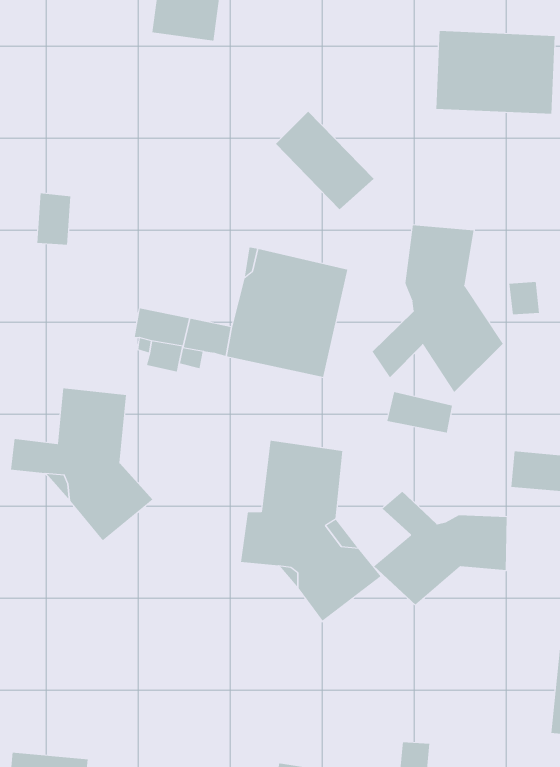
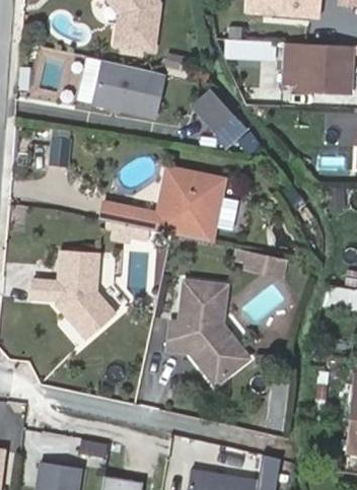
building: none -> [224,38,283,63]
building: none -> [75,55,167,122]
building: [372,225,503,393] -> none
building: [373,491,507,605] -> none

